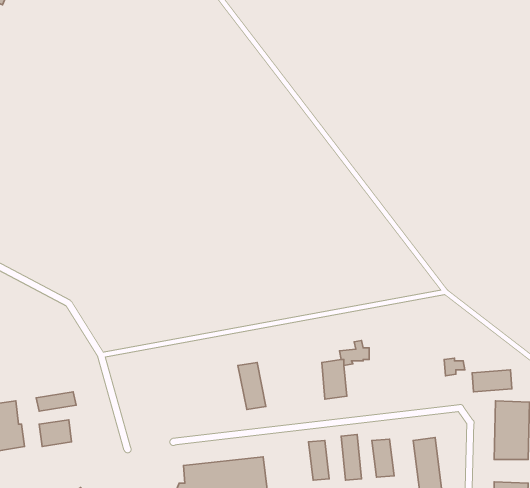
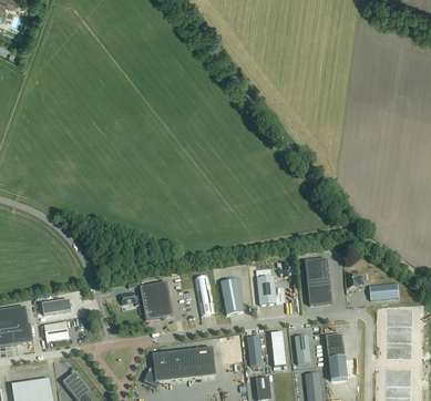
building: none -> [304,258,331,305]
building: none -> [219,278,243,313]
building: none -> [119,281,173,319]

